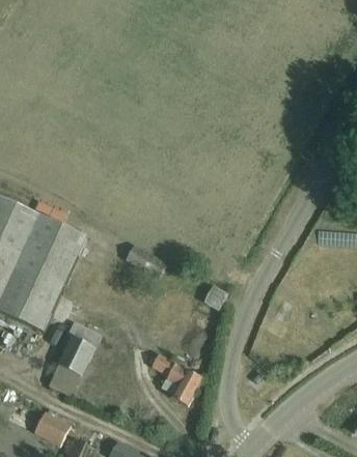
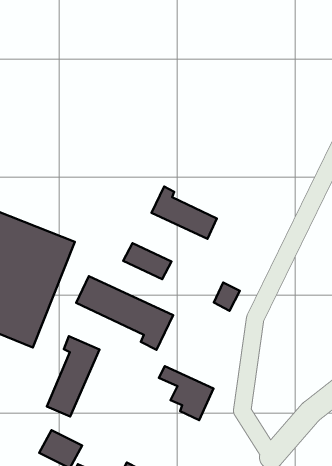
building: none -> [152,187,217,239]
building: none -> [76,276,173,350]

